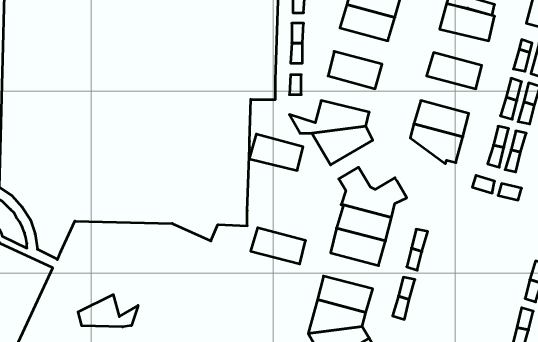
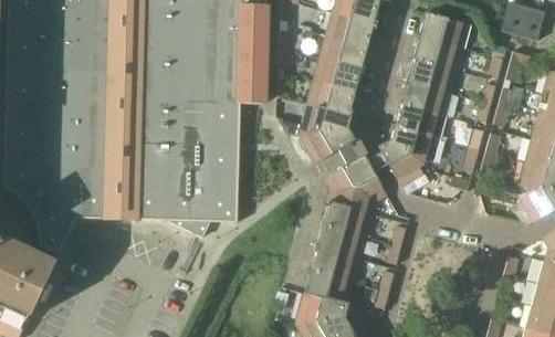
building: none -> [318,36,369,71]
building: none -> [412,38,464,72]
building: none -> [400,82,452,117]
building: [249,134,303,170] -> [306,82,357,116]
building: none -> [377,140,425,189]
building: none -> [342,156,376,189]
building: [251,228,306,264] -> [308,249,360,283]
building: [78,295,138,327] -> none

